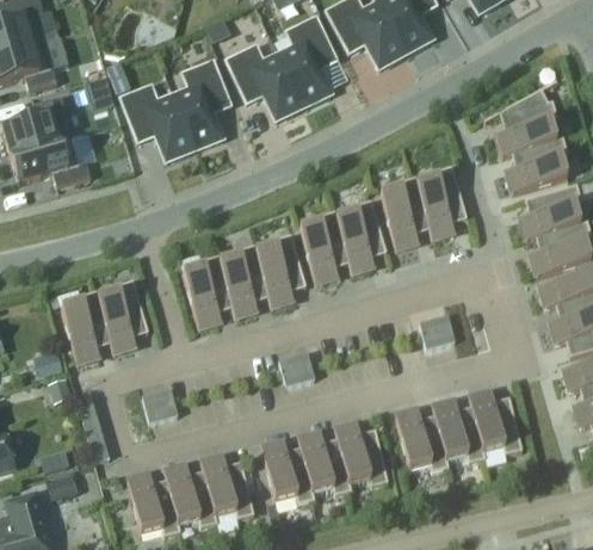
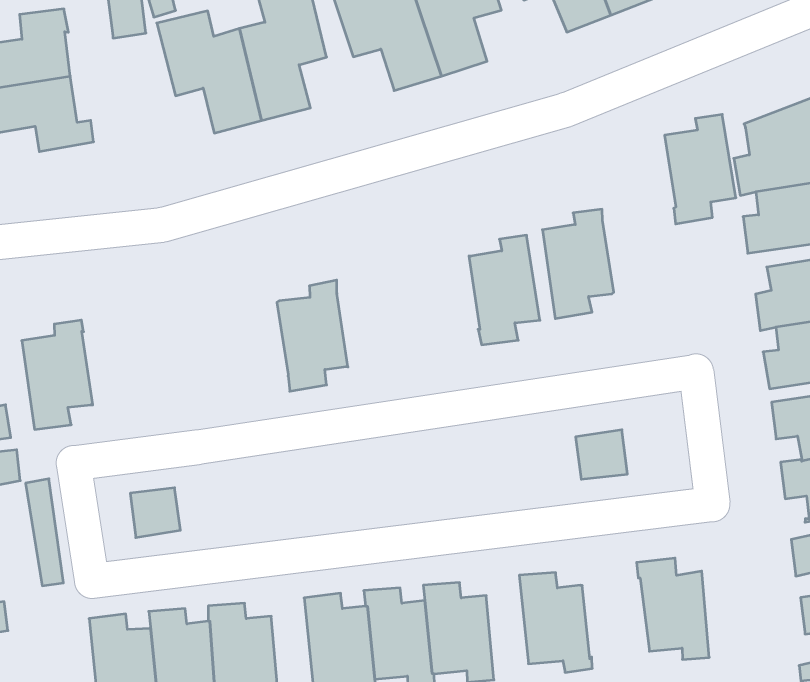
building: [416,166,467,239] -> [665,114,736,224]
building: [298,210,348,283] -> none
building: [255,234,305,307] -> none
building: [181,254,231,327] -> none
building: [98,279,148,352] -> none
building: [278,352,314,385] -> none
building: [431,400,484,462] -> none

